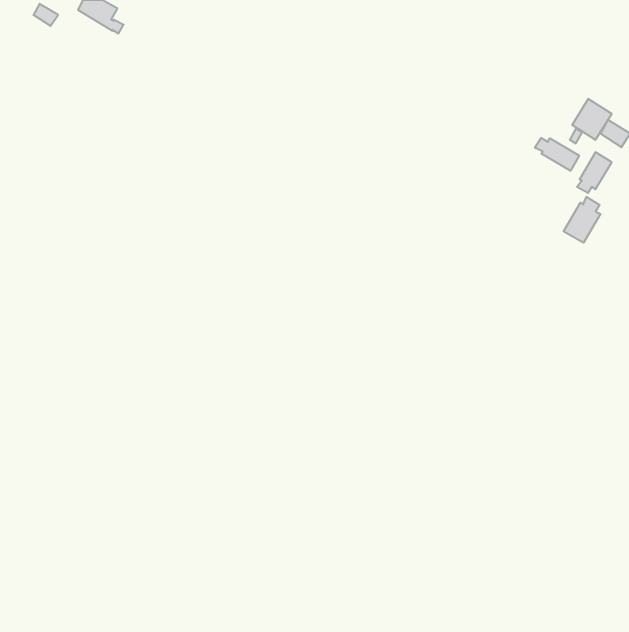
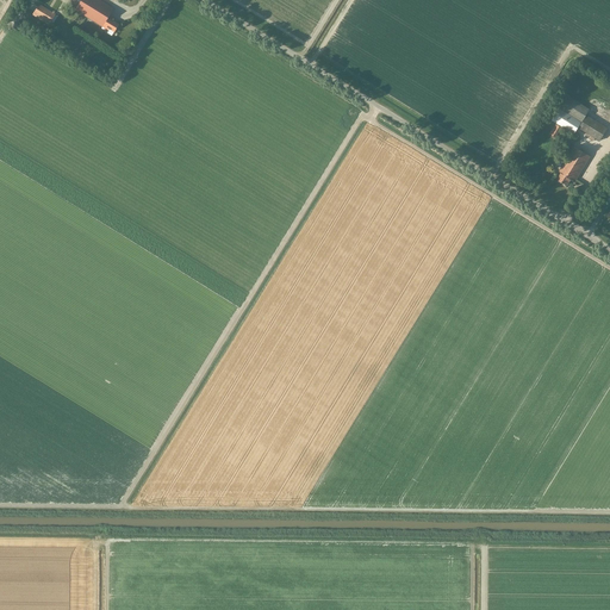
building: [535,138,579,171] -> none
building: [564,197,600,243] -> none

